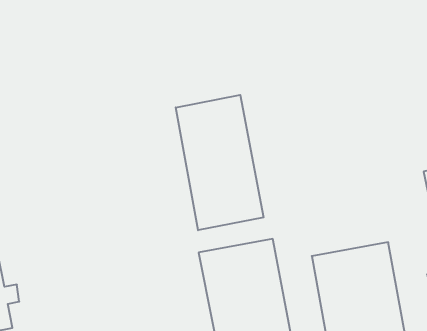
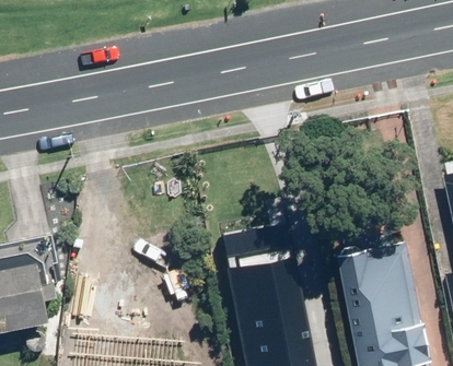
building: [176,95,264,230] -> none

